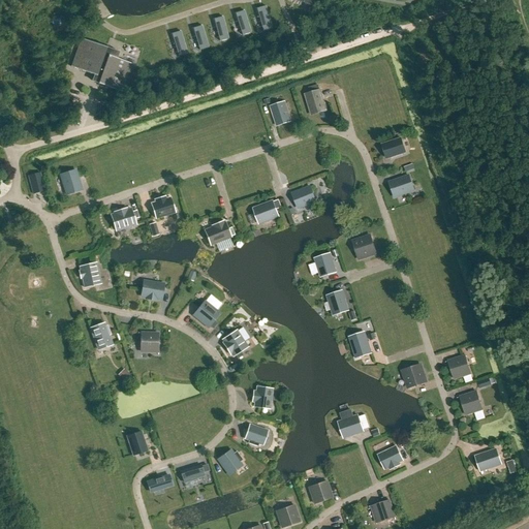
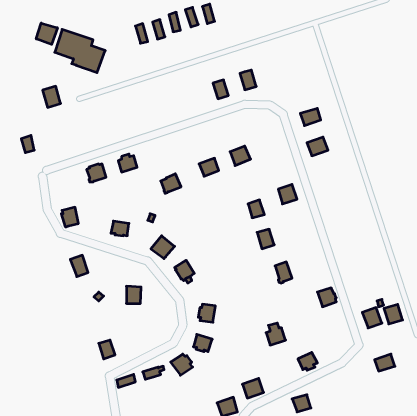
building: none -> [36,23,57,44]
building: [60,168,83,195] -> [43,86,61,107]
building: [141,331,159,352] -> [126,286,141,303]
building: [447,354,471,379] -> [384,304,403,324]

